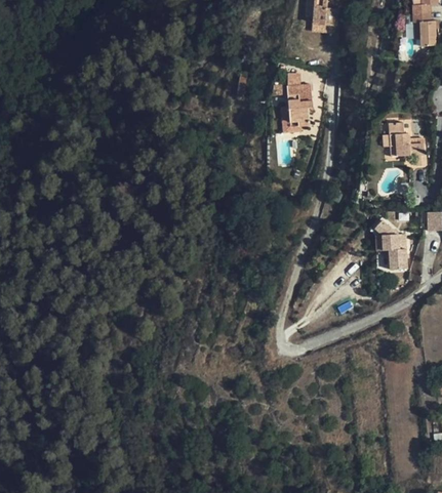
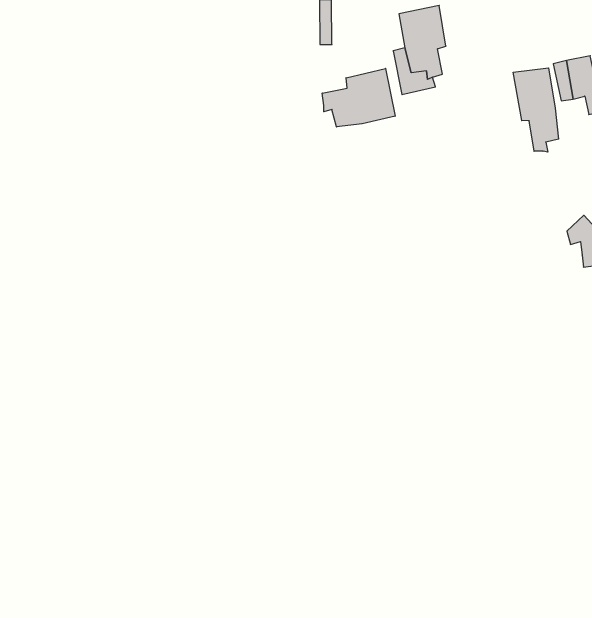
building: none -> [322,68,395,127]
building: none -> [513,68,559,152]

